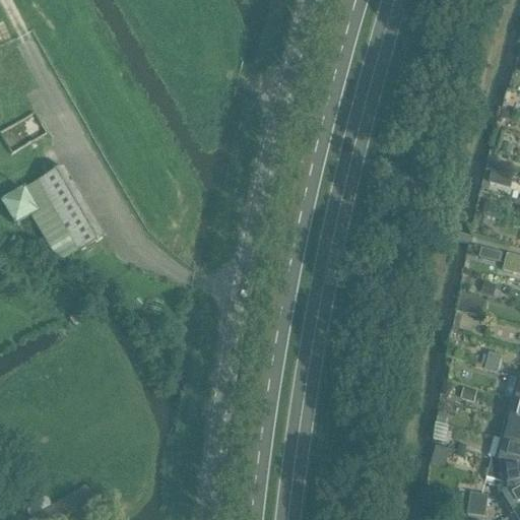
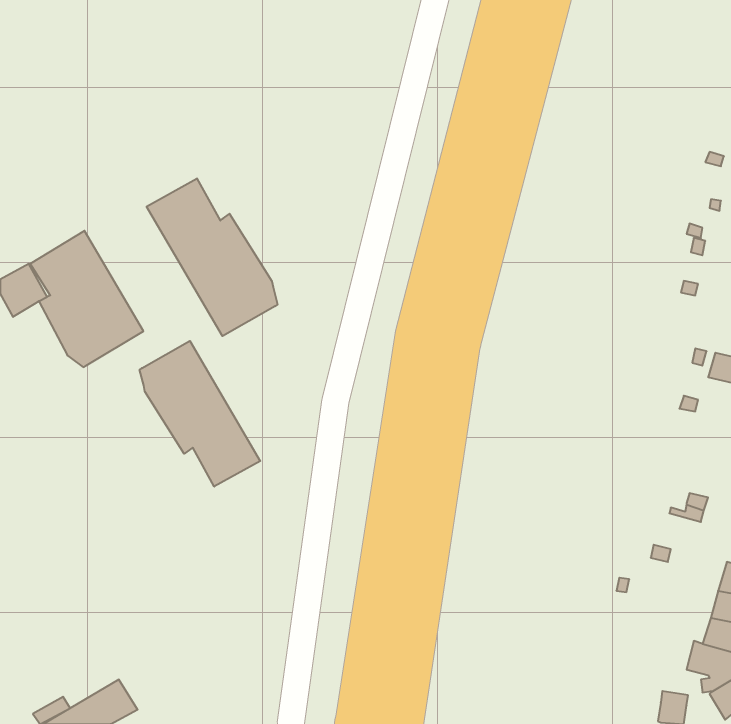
building: none -> [147,178,277,336]
building: none -> [140,341,260,487]

